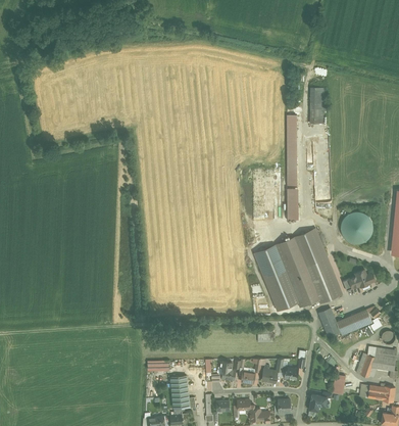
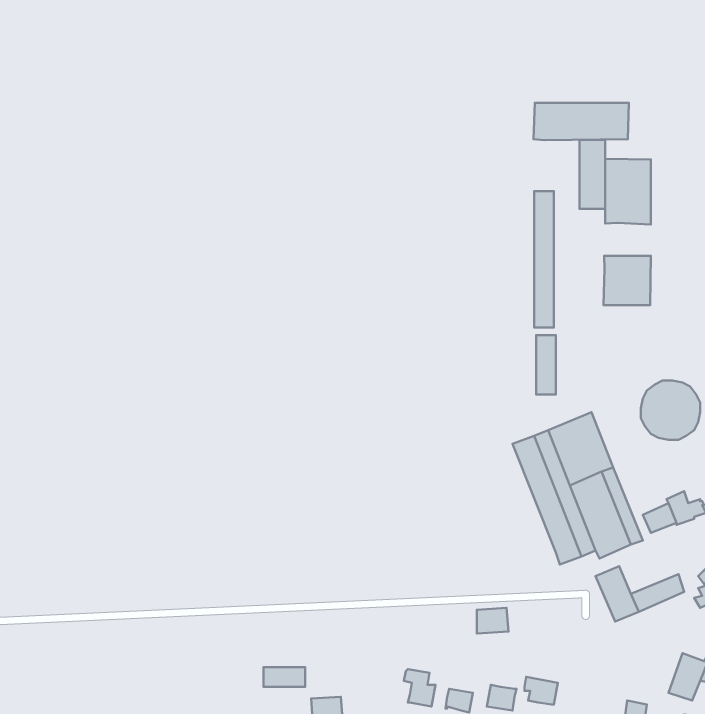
building: none -> [534,103,629,140]
building: none -> [605,159,651,224]
building: none -> [603,256,651,305]
building: [253,244,297,309] -> none

